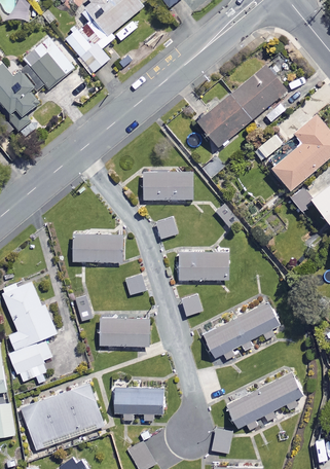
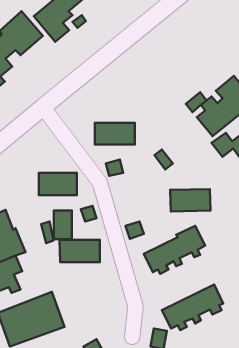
building: [197,56,287,146] -> none
building: [178,252,228,280] -> [170,189,211,211]
building: none -> [54,210,72,239]
building: [114,387,163,420] -> none

